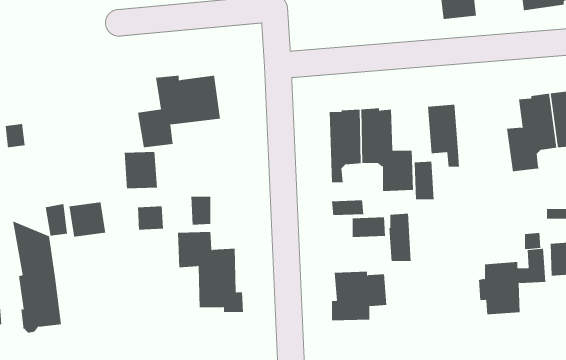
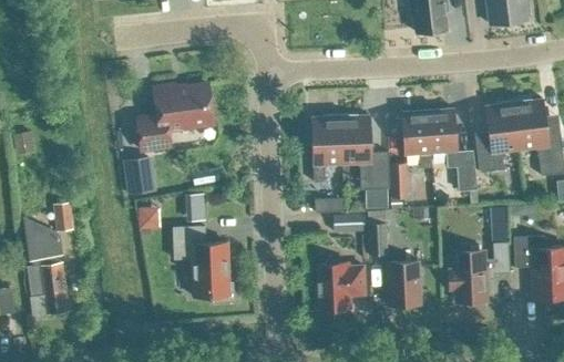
building: none -> [428,108,478,192]
building: [69,201,106,238] -> none
building: none -> [387,261,421,306]

